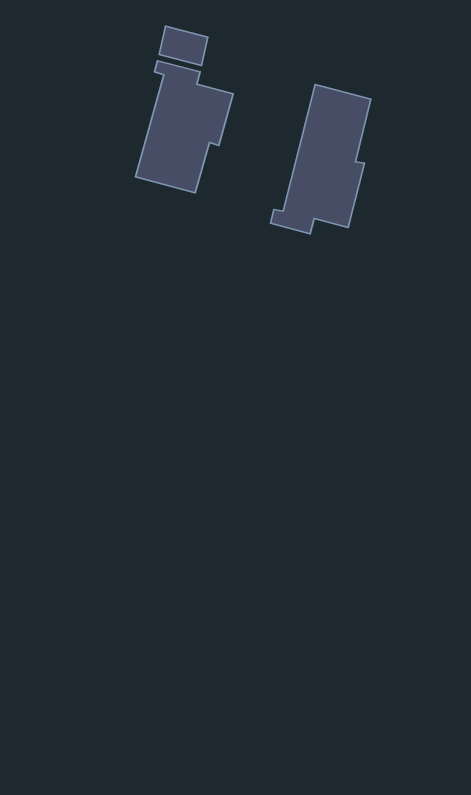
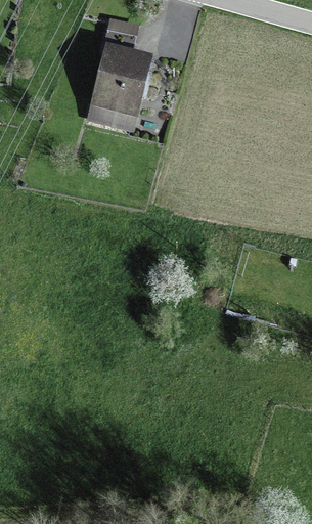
building: [271,85,371,234] -> none

